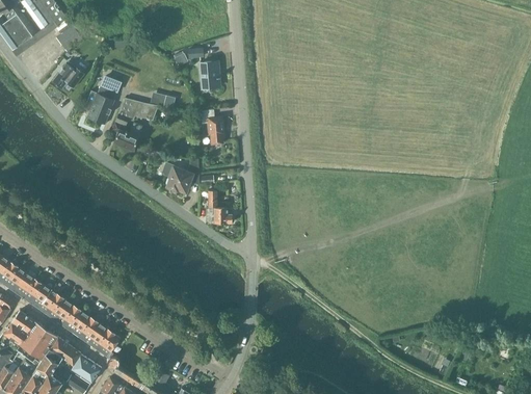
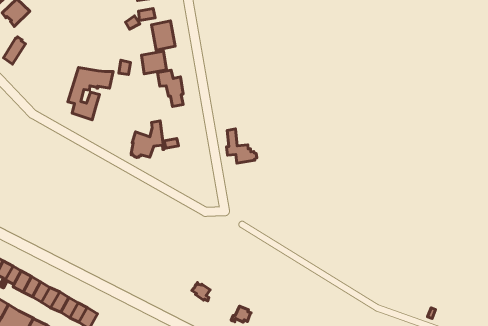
building: [83,76,122,125] -> none
building: none -> [141,51,167,74]
building: [206,191,234,225] -> [227,129,257,163]

